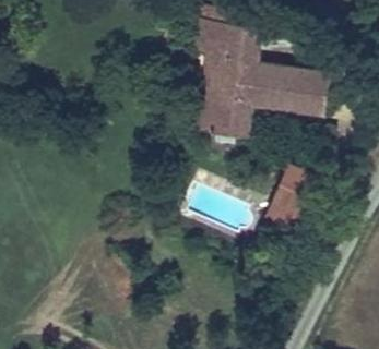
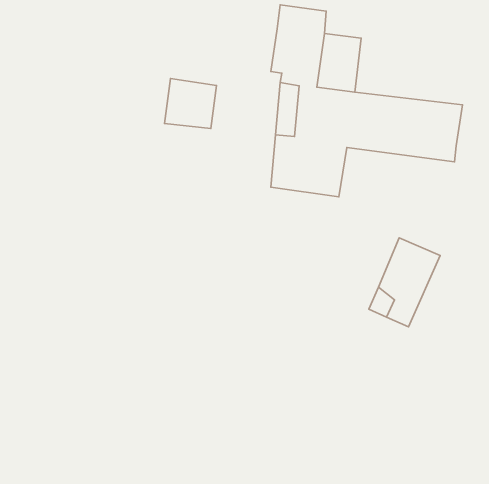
building: none -> [164,79,217,129]

